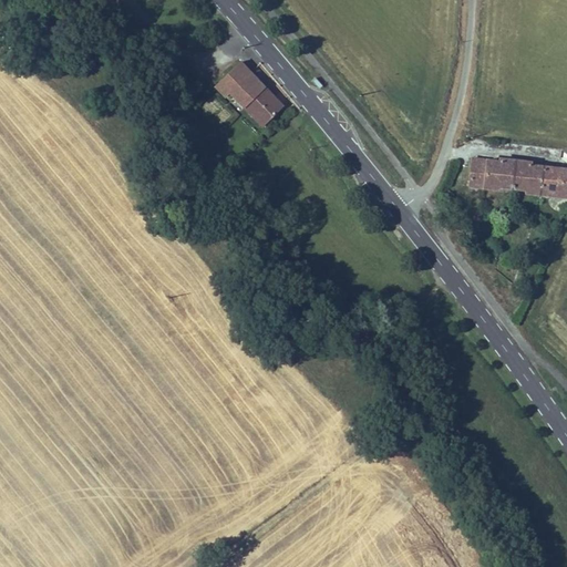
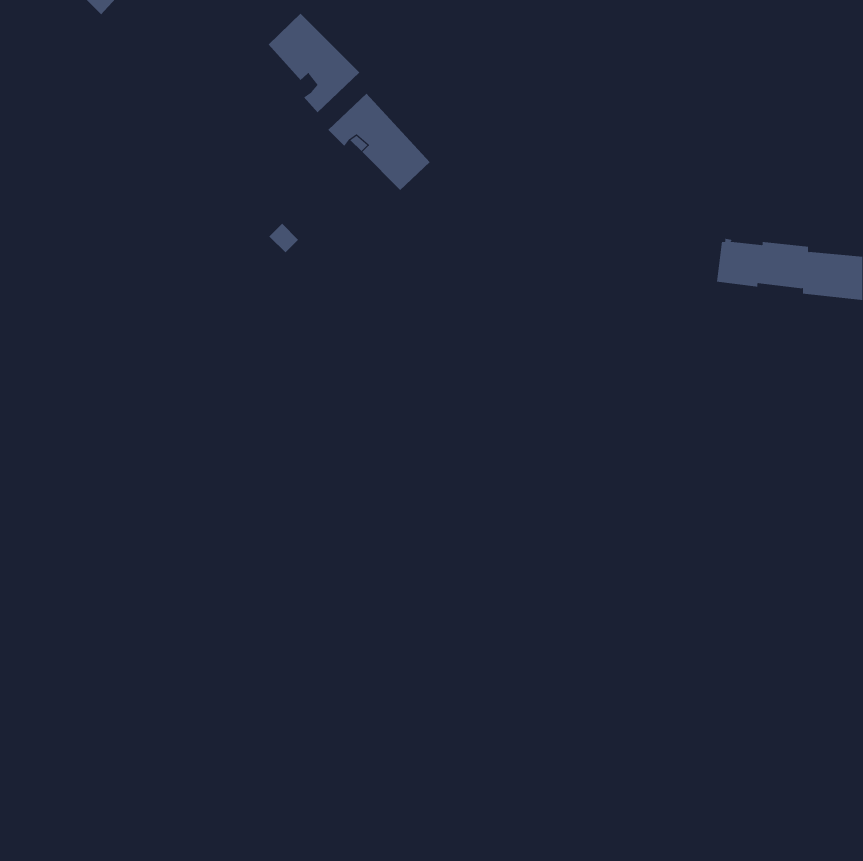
building: none -> [268,13,360,113]

